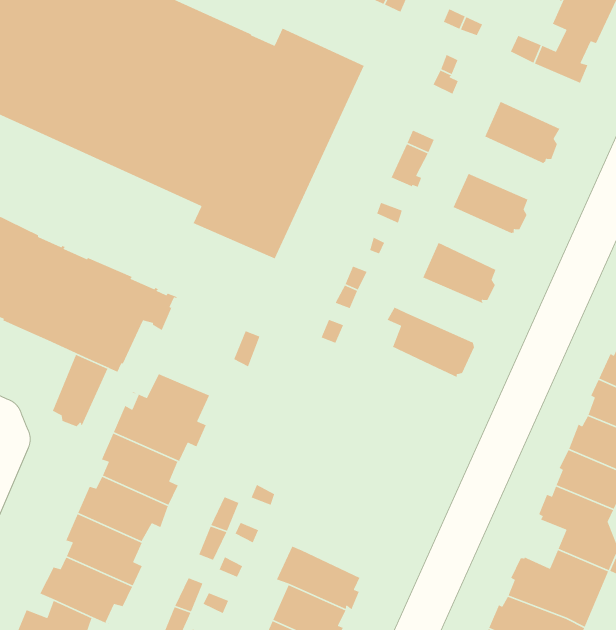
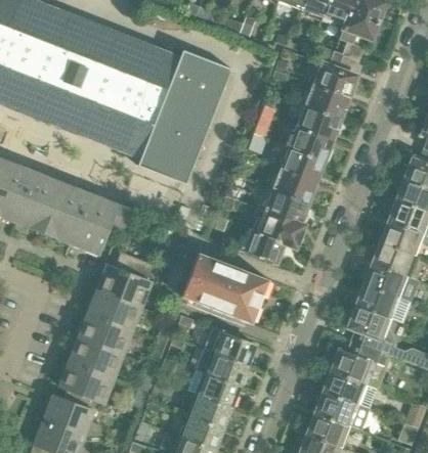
building: none -> [311,62,357,99]
building: none -> [295,106,341,141]
building: none -> [280,148,325,183]
building: none -> [263,190,308,226]
building: none -> [240,228,283,264]
building: [52,354,108,427] -> none
building: none -> [180,253,268,323]
building: none -> [210,329,254,366]

